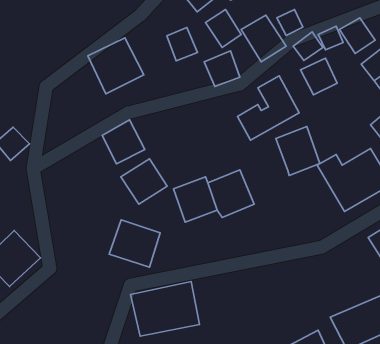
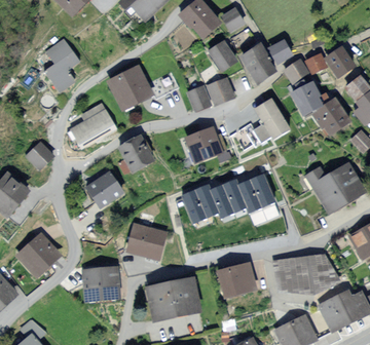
building: none -> [43,38,79,95]
building: [167,27,198,61] -> [187,84,214,113]
building: none -> [313,95,349,133]
building: none -> [72,108,119,149]
building: none -> [184,125,224,164]
building: [276,127,320,175] -> [239,169,278,212]
building: [121,159,167,204] -> [85,168,125,207]
building: none -> [274,254,330,295]
building: none -> [216,262,256,297]
building: none -> [82,266,122,301]

